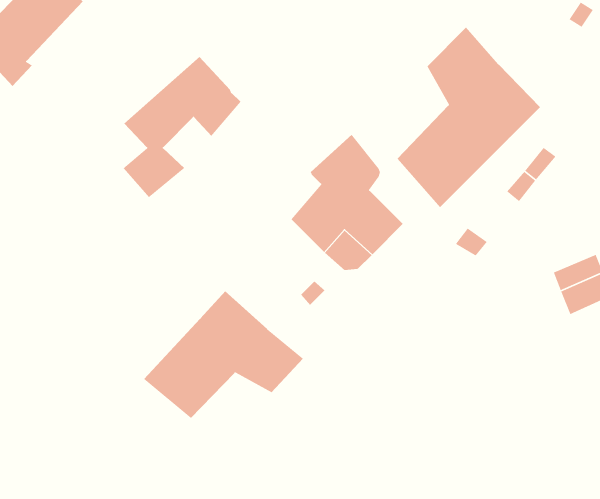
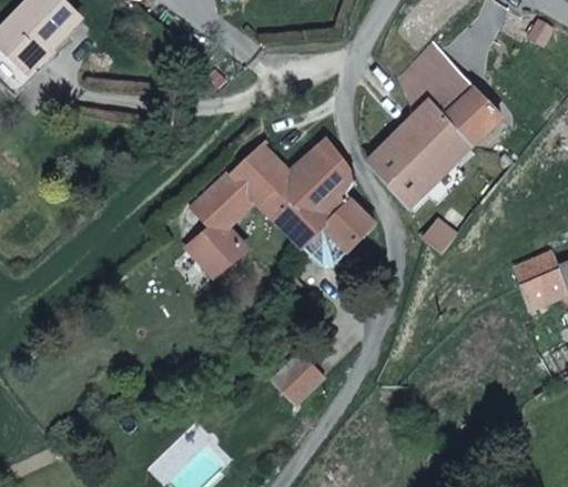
building: [122,56,242,198] -> [189,143,298,274]
building: [143,291,304,419] -> none
building: none -> [275,352,326,405]

